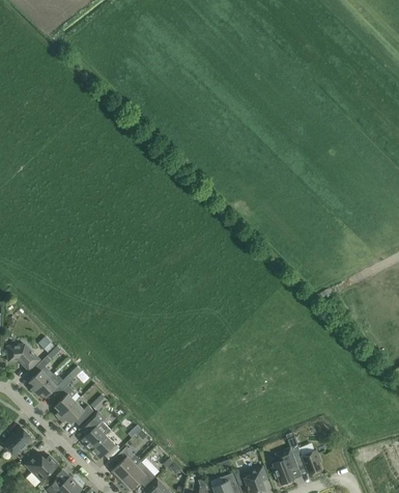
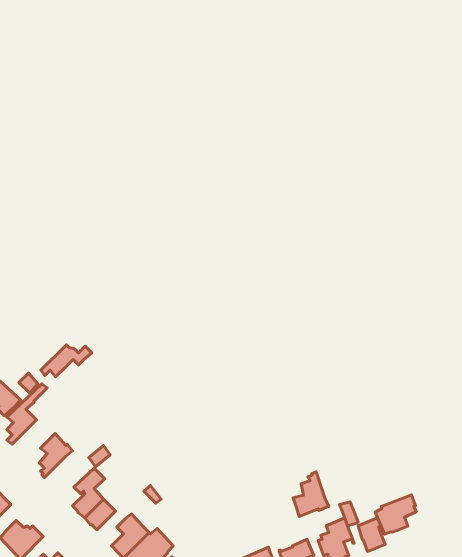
building: [34,374,74,399] -> [41,345,92,377]
building: [59,403,93,427] -> none
building: none -> [293,472,329,516]
building: none -> [375,495,416,534]

